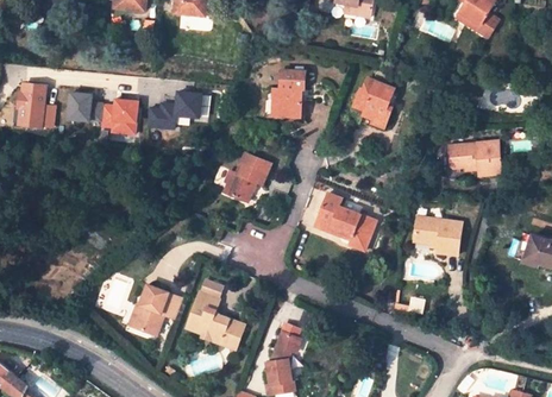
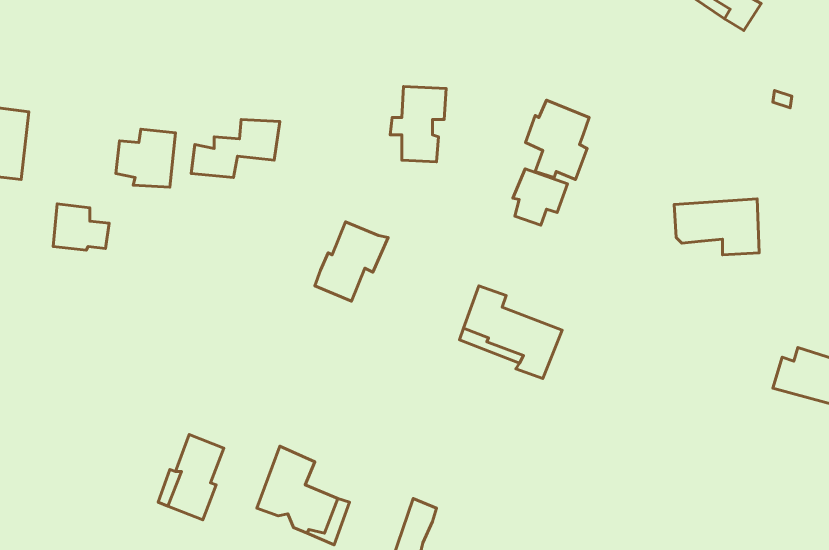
building: [69,93,104,121] -> [53,204,109,250]
building: none -> [513,169,567,225]
building: [412,218,459,254] -> none

